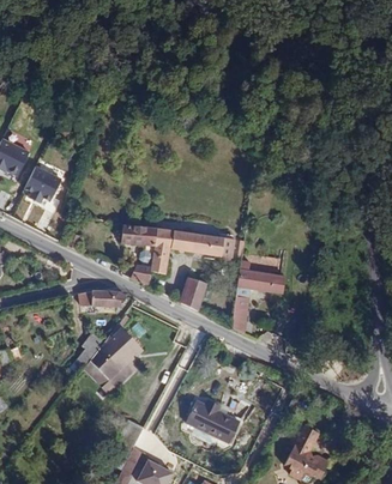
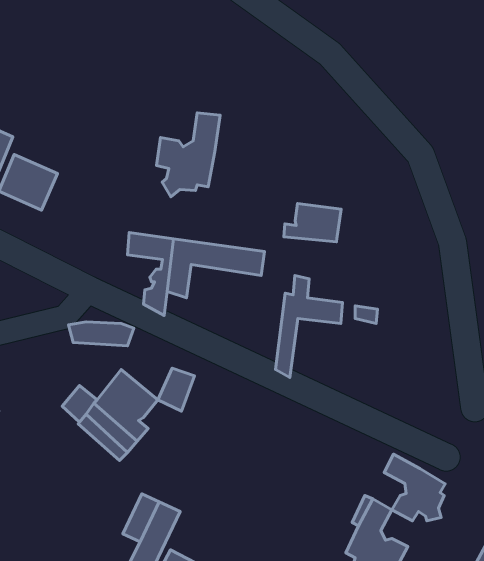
building: none -> [157,113,220,197]
building: none -> [284,204,341,242]
building: [177,277,205,309] -> [158,368,194,411]
building: none -> [384,454,445,521]
building: [185,398,236,441] -> none

